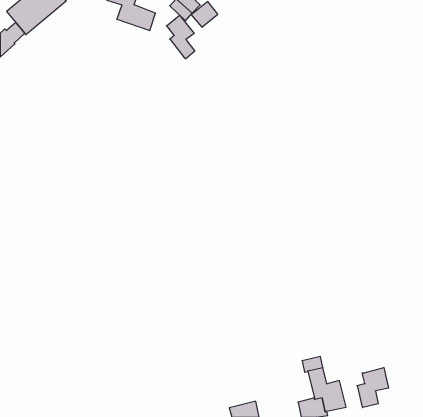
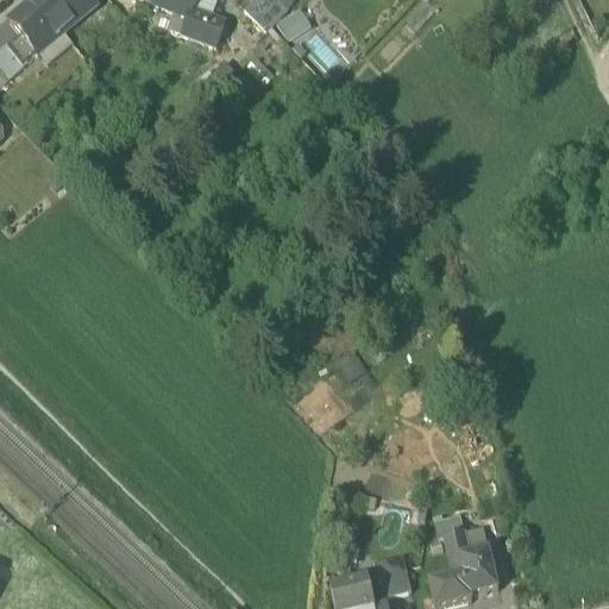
building: [166,15,195,59] -> none
building: [357,368,389,408] -> none
building: none -> [373,553,410,595]

